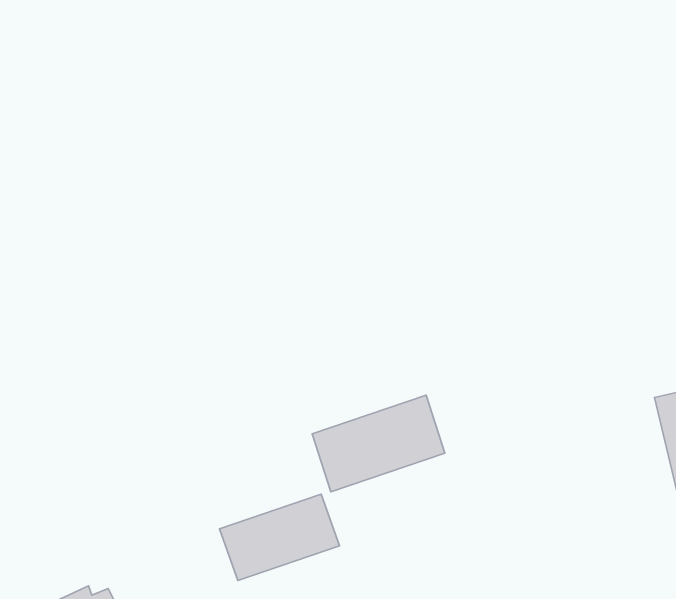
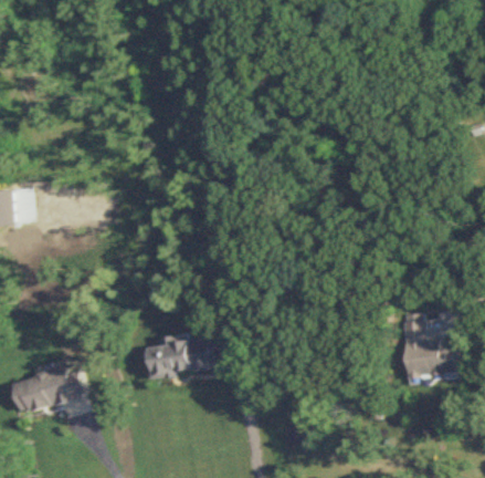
building: [312,395,445,492] -> none

